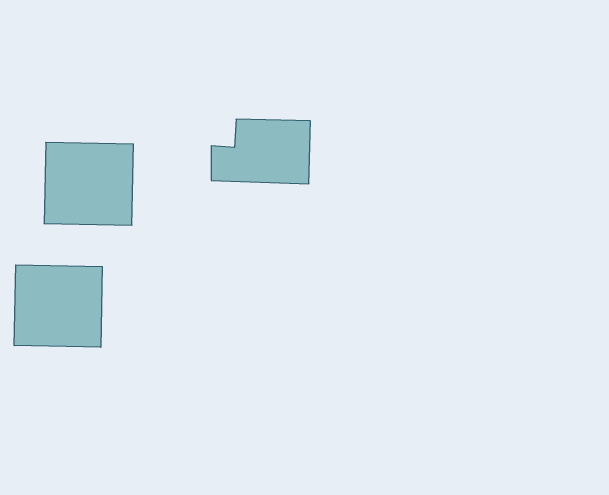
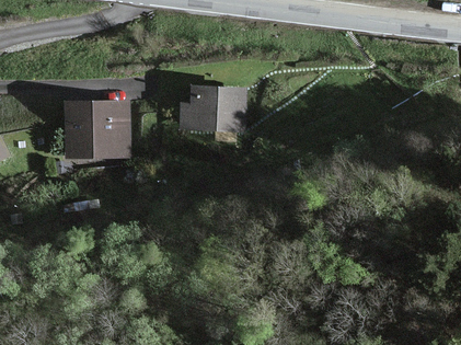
building: [14,265,102,347] -> none

